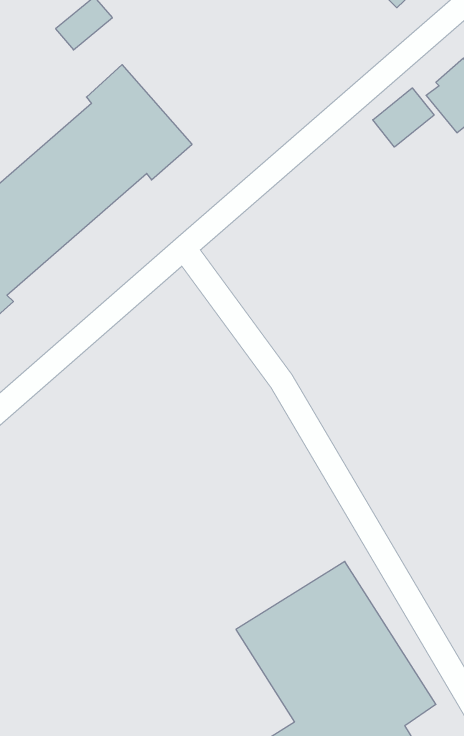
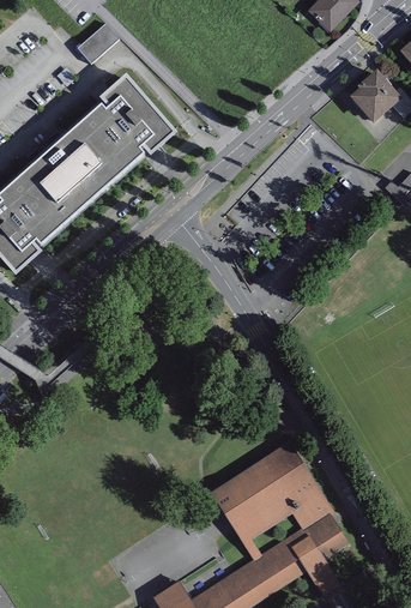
building: [373,88,434,147] -> none

